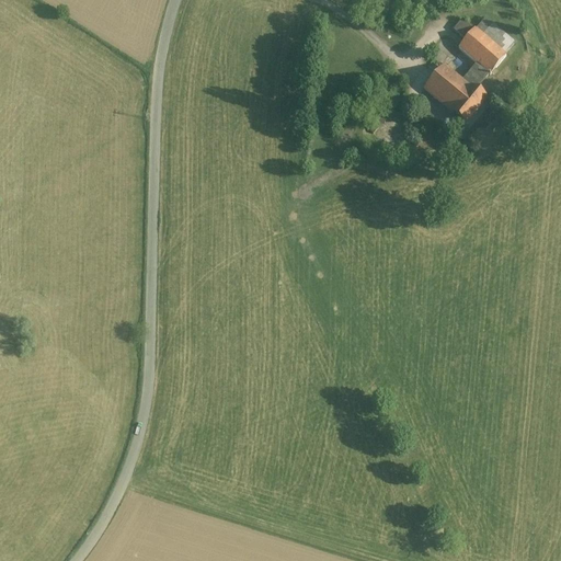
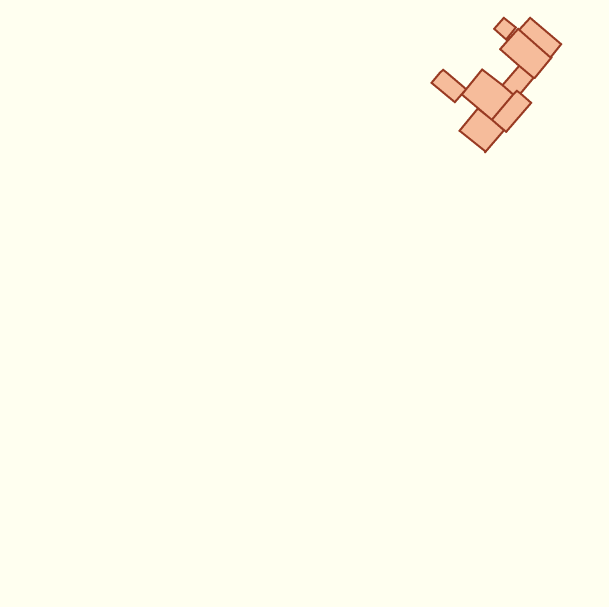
building: none -> [432,70,466,102]
building: none -> [460,108,503,152]

